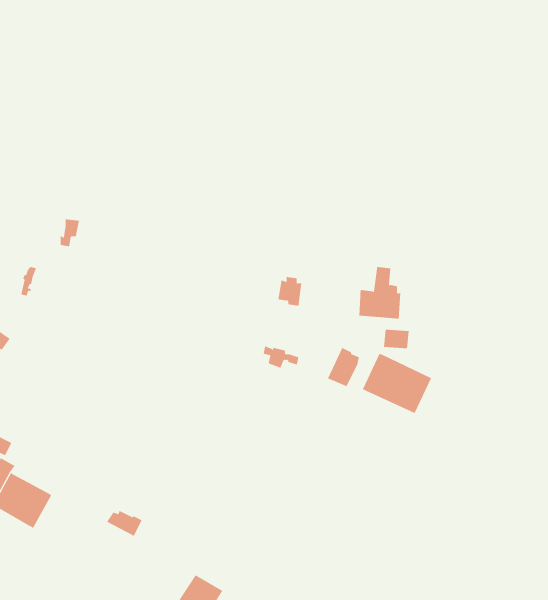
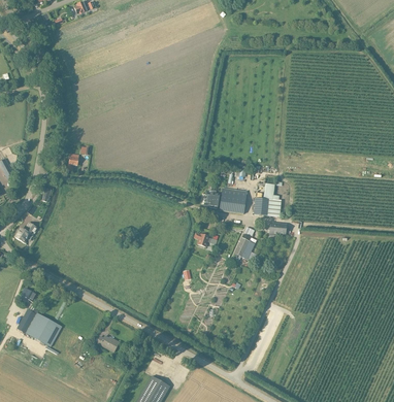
building: none -> [220,188,245,213]
building: [362,353,432,414] -> none

